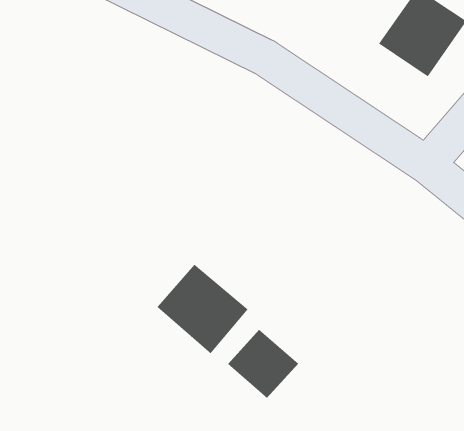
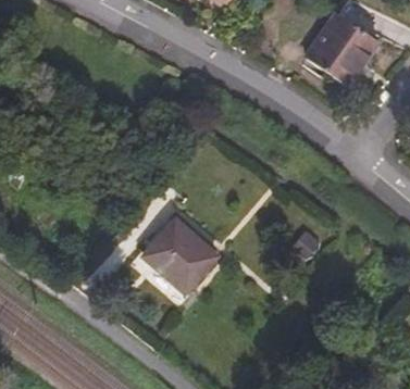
building: [227,329,299,399] -> none

